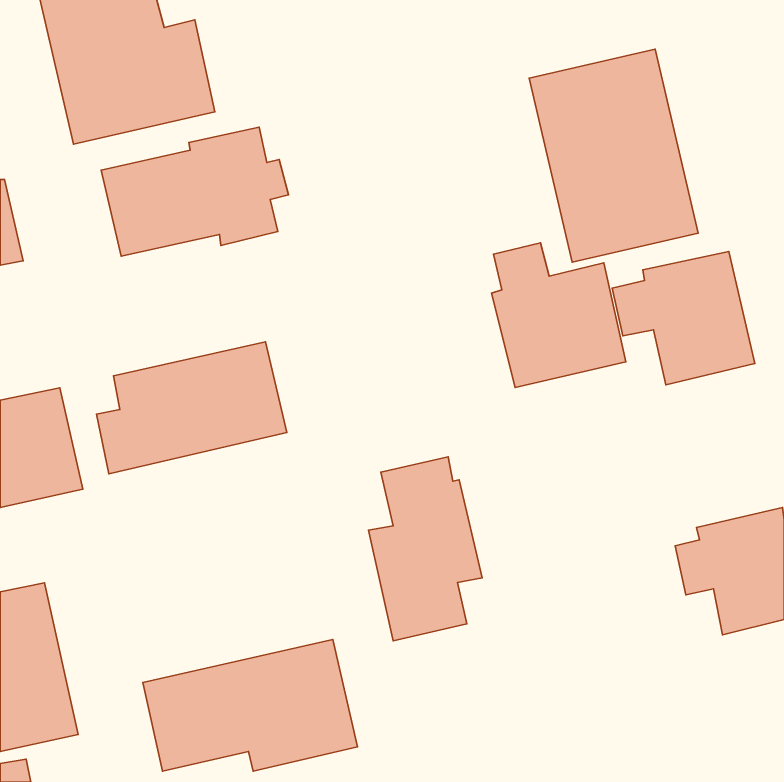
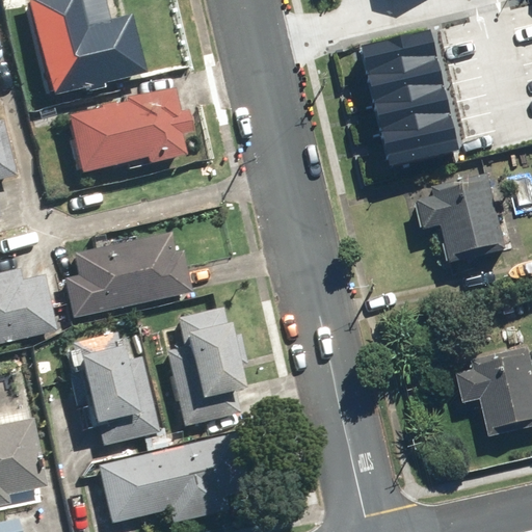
building: [492,243,626,388] -> none
building: [368,457,482,641] -> [167,303,244,428]
building: none -> [70,331,158,449]

